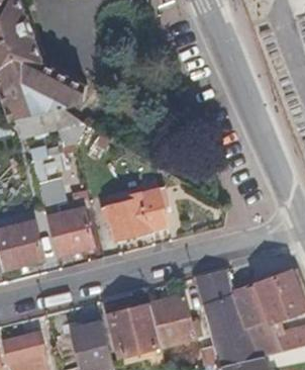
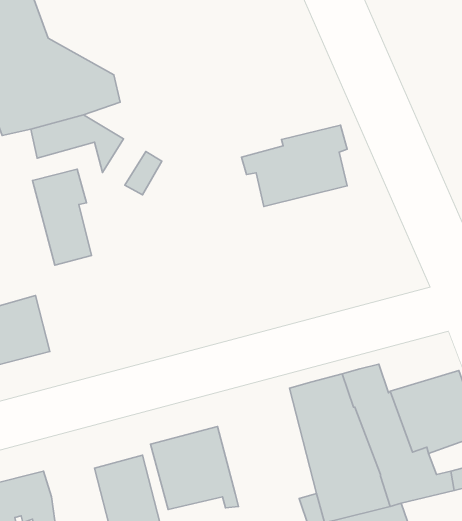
building: [101,188,168,240] -> [242,125,347,207]
building: [41,209,91,255] -> none
building: [147,296,197,347] -> none

